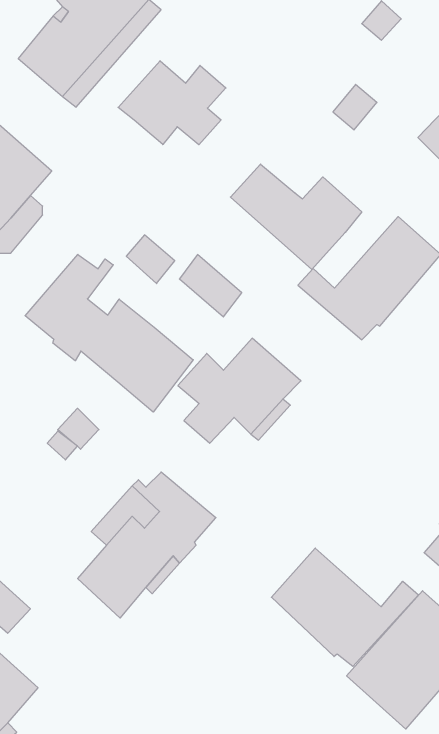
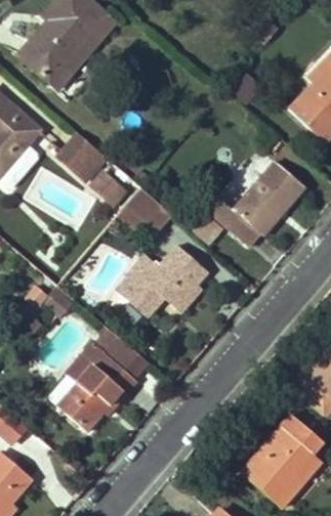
building: [118,61,226,145] -> none
building: [230,164,362,270] -> none
building: none -> [53,132,106,183]
building: [25,254,193,412] -> none
building: [271,548,419,666] -> none

